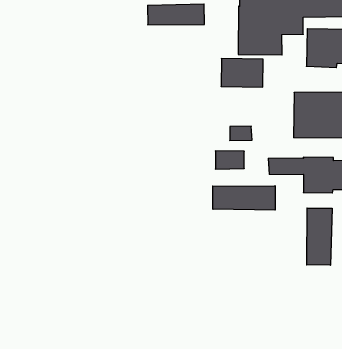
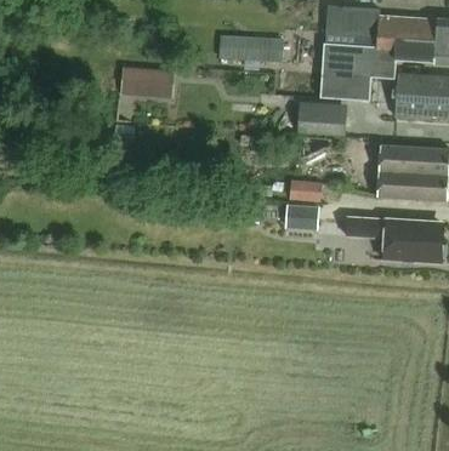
building: none -> [120,64,175,96]
building: [213,186,275,210] -> none
building: [307,208,332,265] -> none

